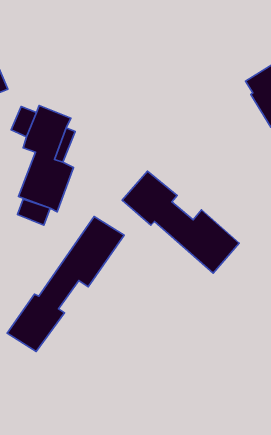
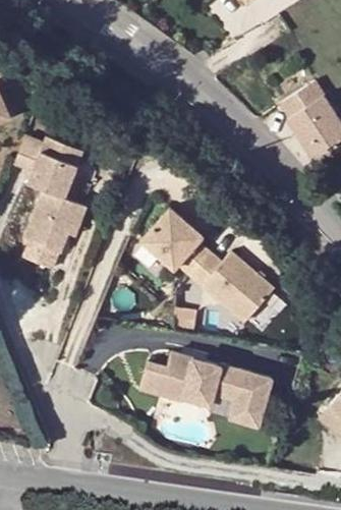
building: [7,216,124,352] -> none
building: none -> [138,353,271,427]

